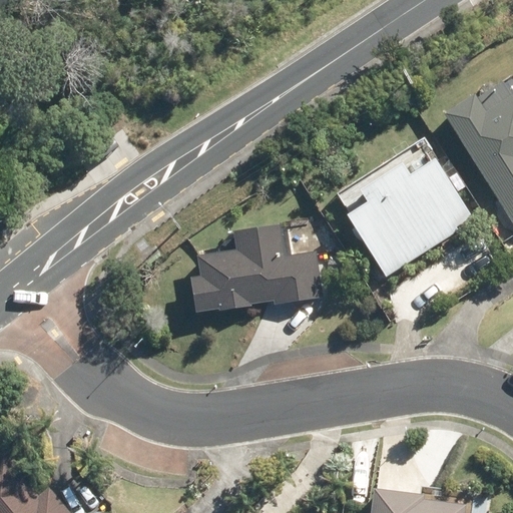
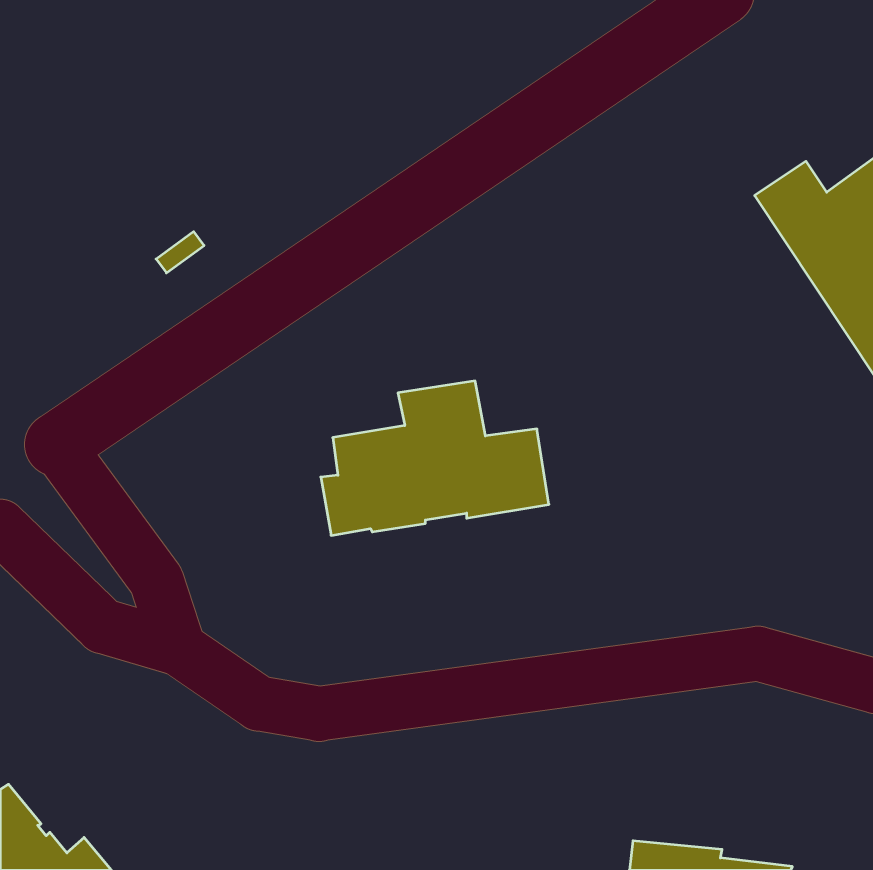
building: [346,158,473,278] -> none

